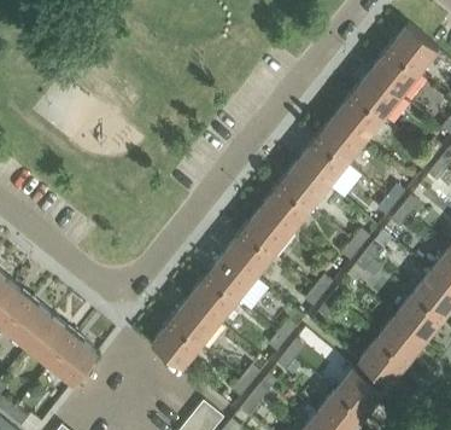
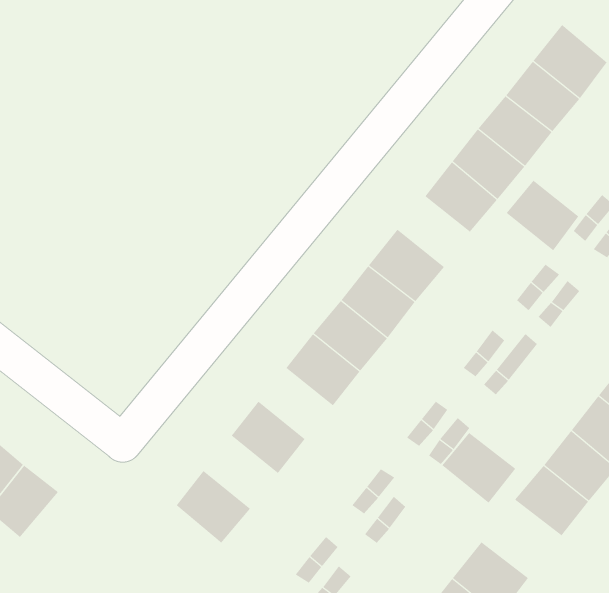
building: [298,140,346,187] -> [506,180,579,251]
building: [206,254,256,301] -> none
building: [170,298,219,347] -> none
building: [49,336,98,385] -> none
building: [357,341,406,388] -> [441,432,516,504]

